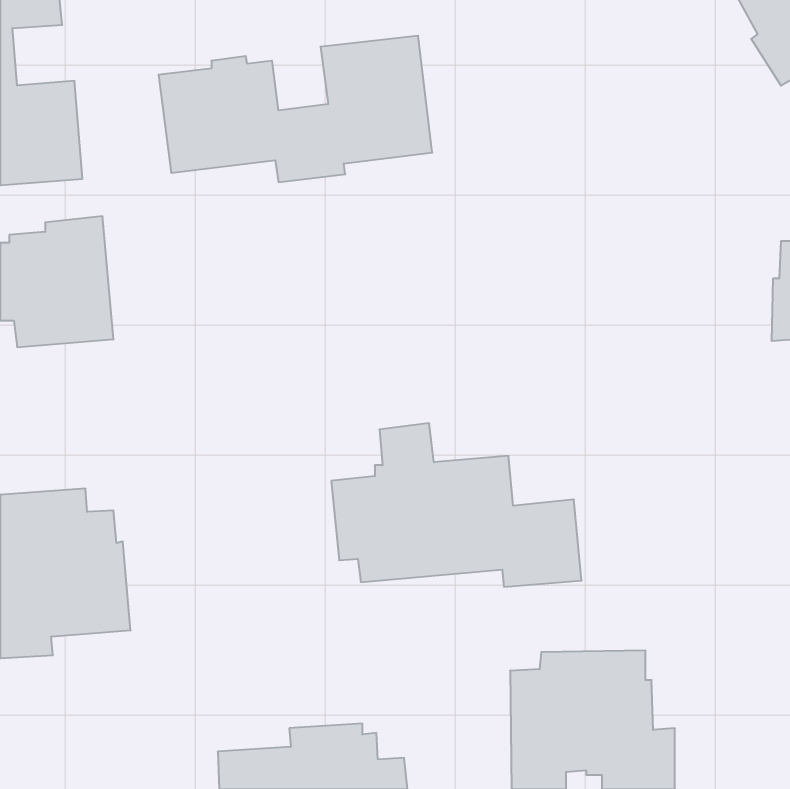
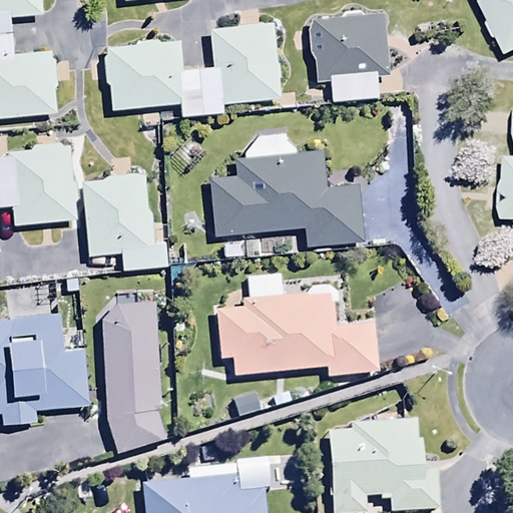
building: none -> [310,14,390,101]
building: none -> [208,133,365,248]
building: none -> [82,173,166,271]
building: none -> [102,301,166,457]

